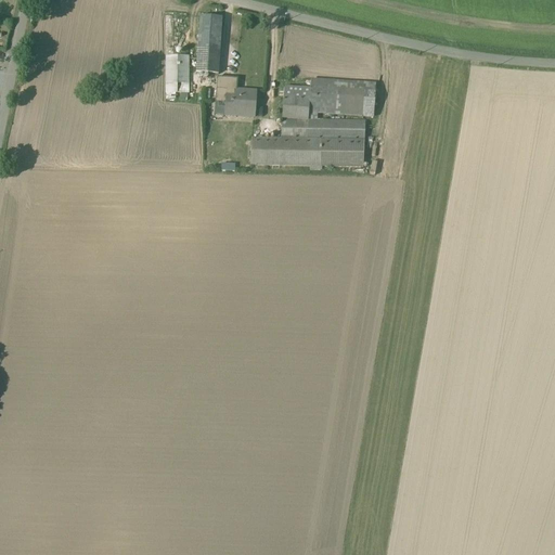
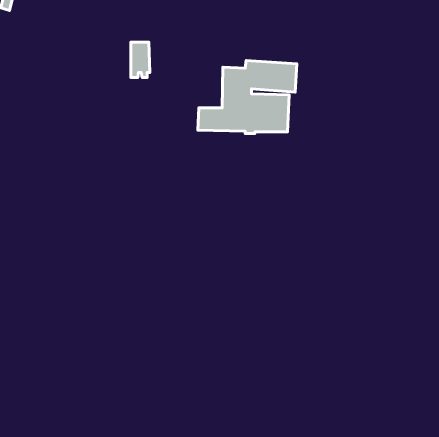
building: [195,14,222,82] -> none
building: [216,87,257,116] -> none

